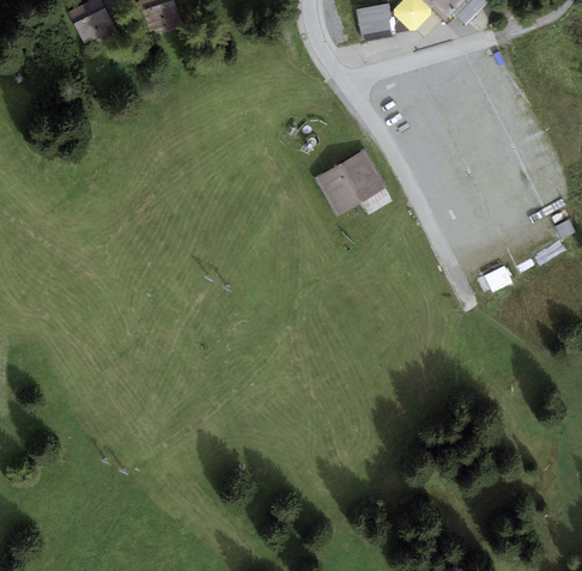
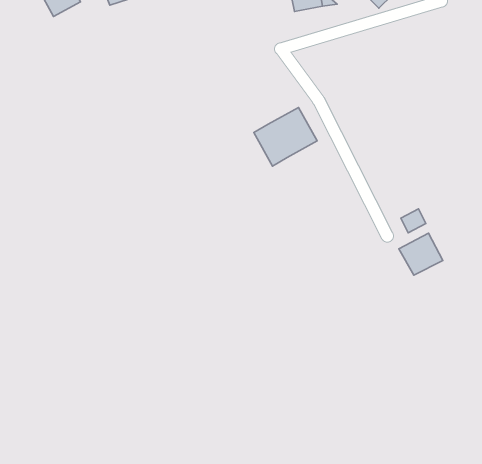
building: none -> [399,233,443,275]

